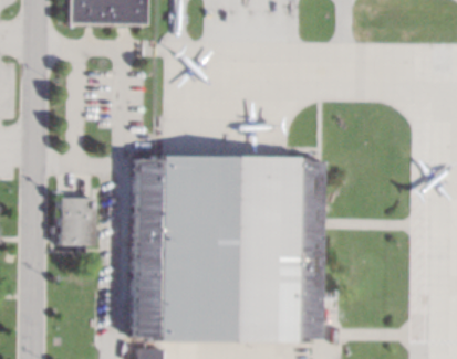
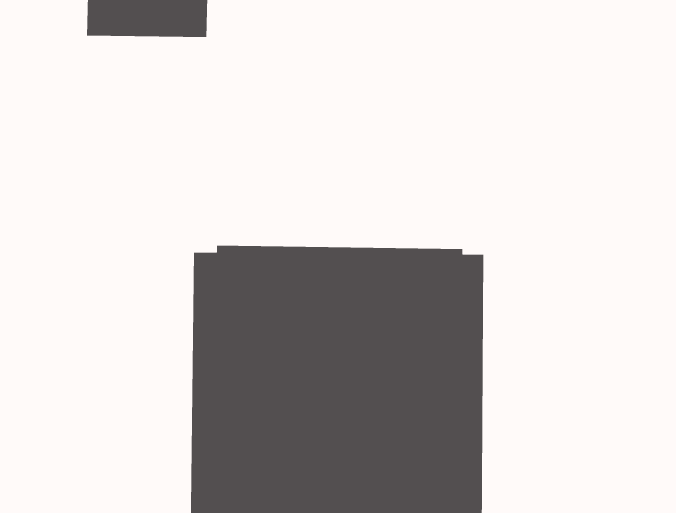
building: [60,198,95,245] -> none

